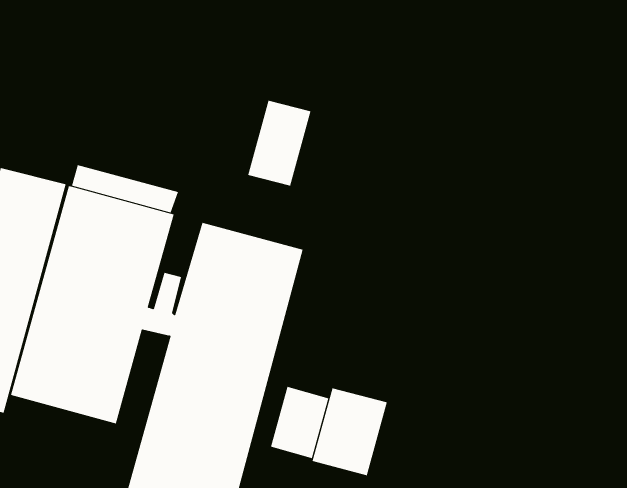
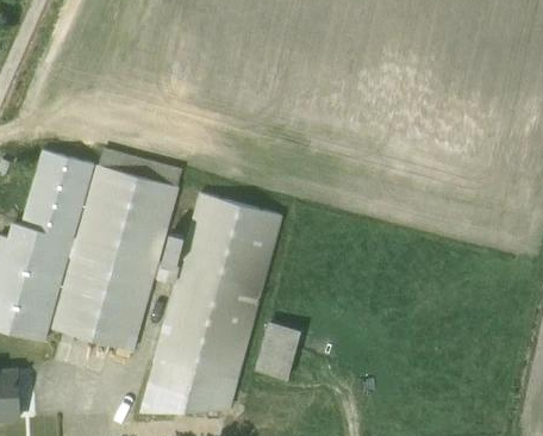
building: [248,100,311,187] -> none
building: [312,387,387,476] -> none

